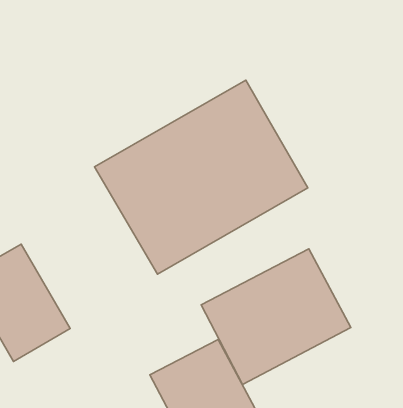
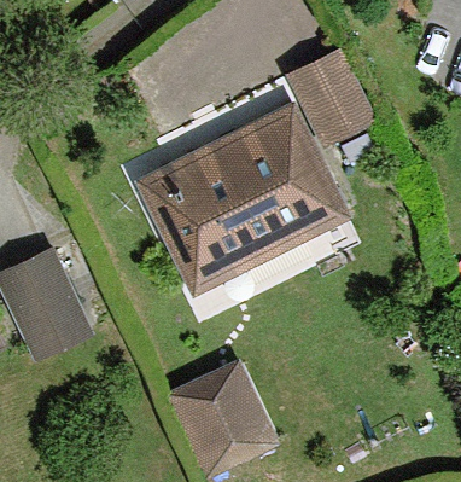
building: none -> [278,48,368,149]
building: [201,249,351,385] -> none

